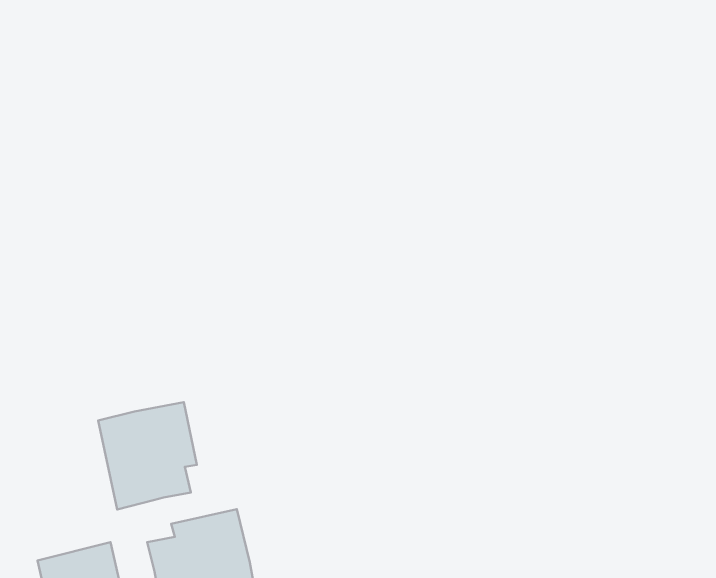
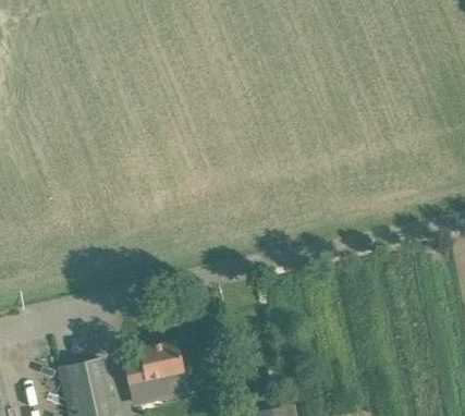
building: [98,402,197,509] -> none

